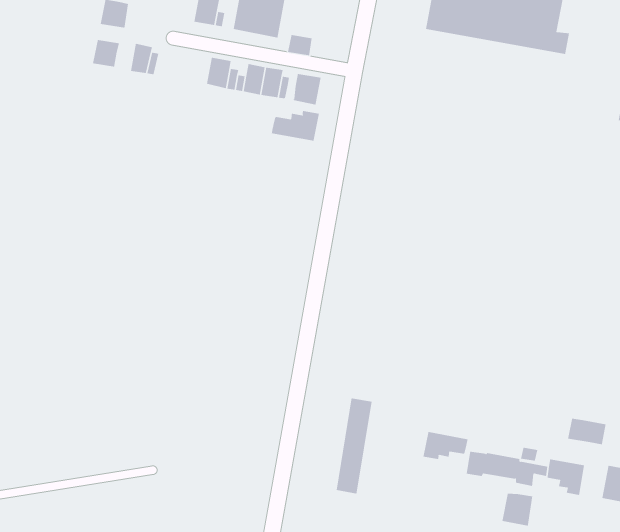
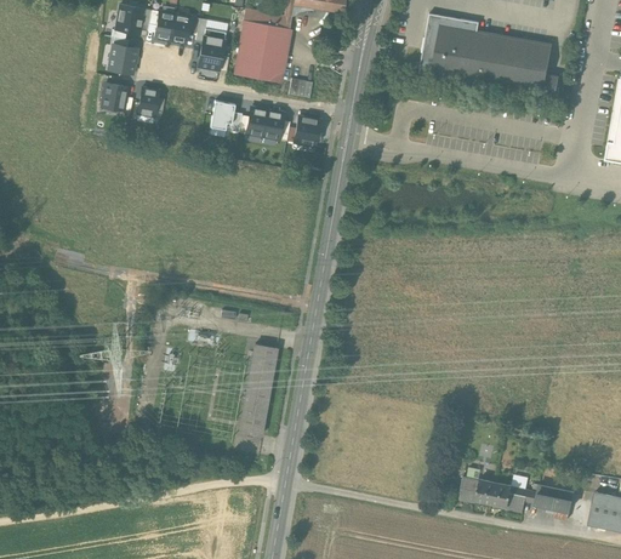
building: [271,110,319,142] -> none
building: [336,398,372,494] -> [240,344,275,437]
building: [568,418,606,445] -> none
building: [423,431,468,460] -> none
building: [502,493,533,527] -> none

